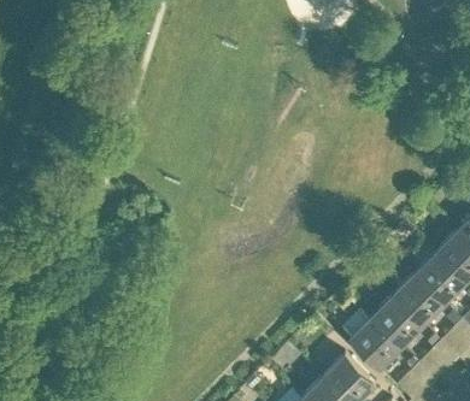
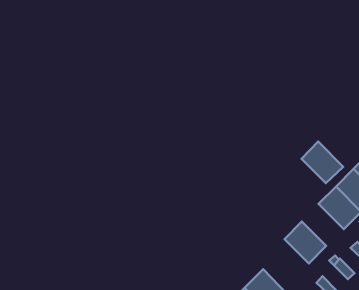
building: [393,275,445,326] -> [301,141,343,183]
building: [348,318,401,371] -> none

